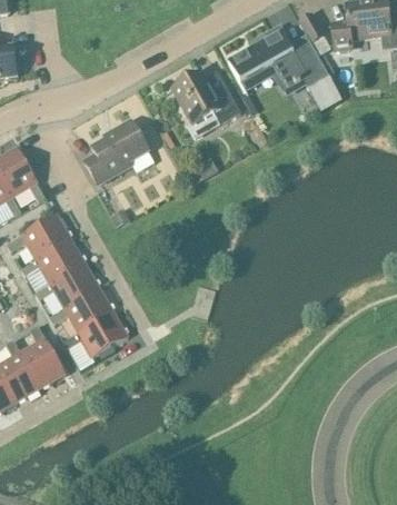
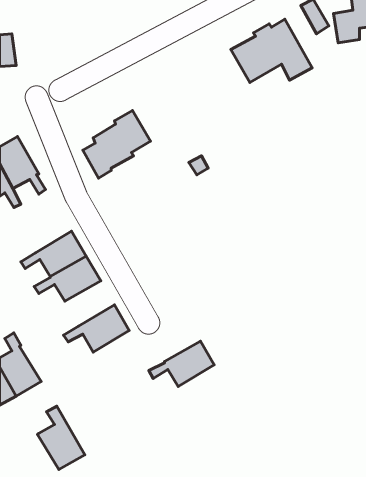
building: [171,71,240,125] -> none
building: [306,72,341,111] -> none
building: [7,214,71,260] -> none
building: [49,288,113,333] -> [149,341,214,386]
building: [20,325,67,387] -> [37,406,85,470]

